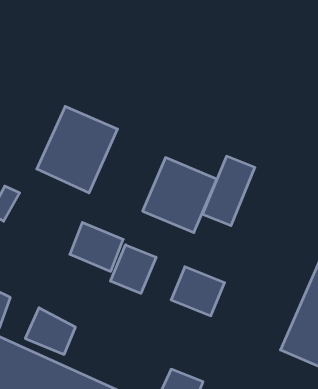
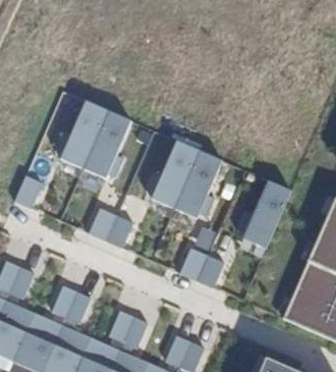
building: [203,156,255,226] -> [248,185,295,248]
building: [110,245,156,293] -> none
building: none -> [111,308,154,349]

